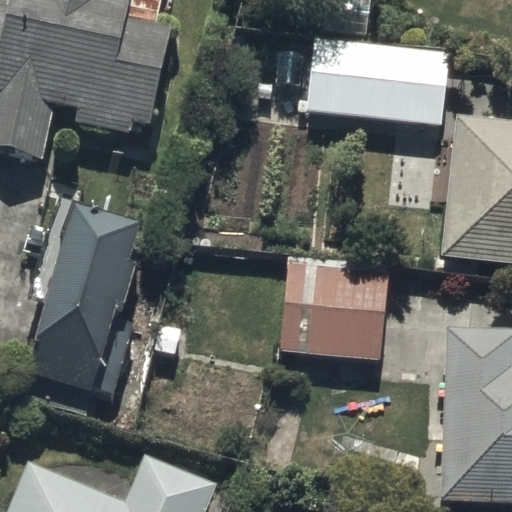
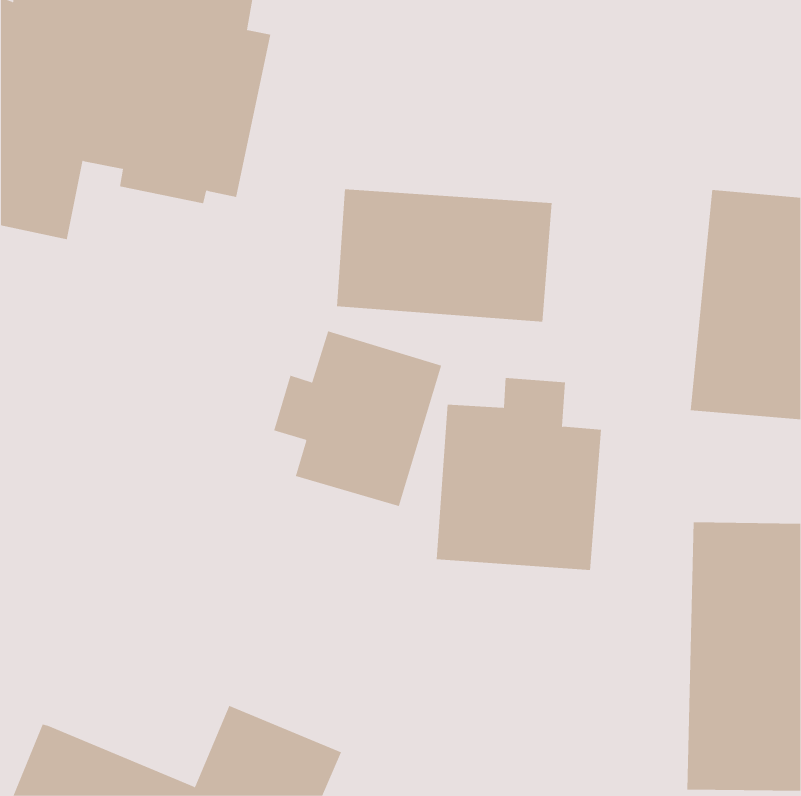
building: [306,43,444,128] -> [336,189,553,322]
building: [31,199,140,395] -> none
building: none -> [273,331,442,507]

